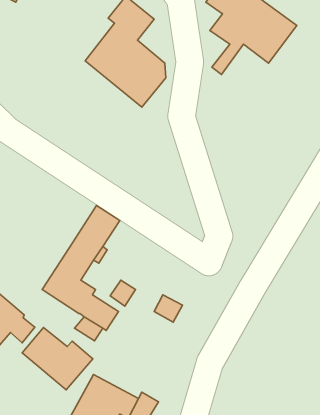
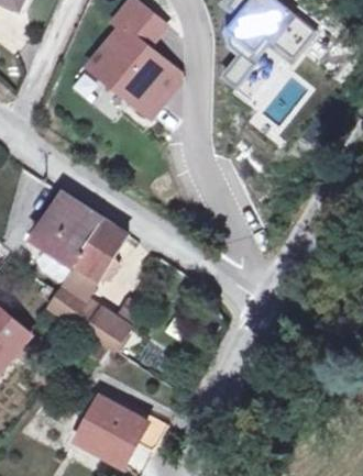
building: none -> [34,192,102,263]
building: [22,327,93,390] -> none

